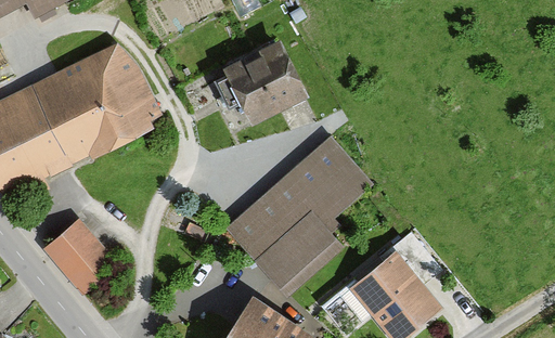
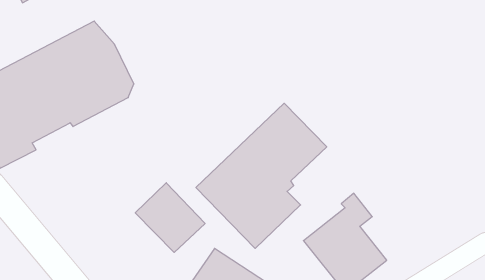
building: [220,40,306,127] -> none
building: [42,216,120,294] -> [135,183,205,252]

